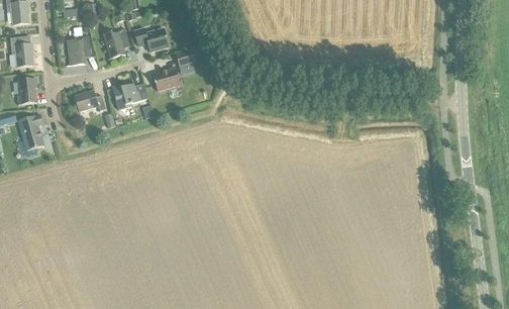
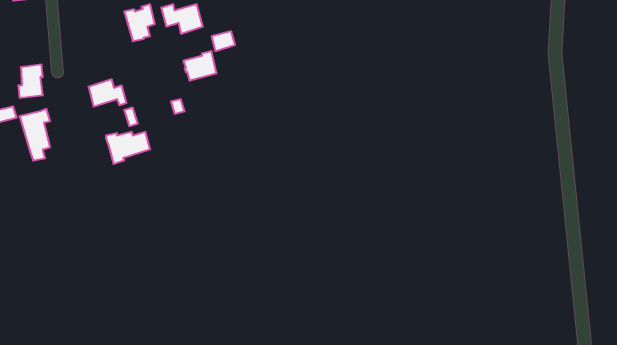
building: [9,34,33,67] -> none
building: [67,35,90,65] -> none
building: [111,83,147,109] -> [106,132,150,164]

